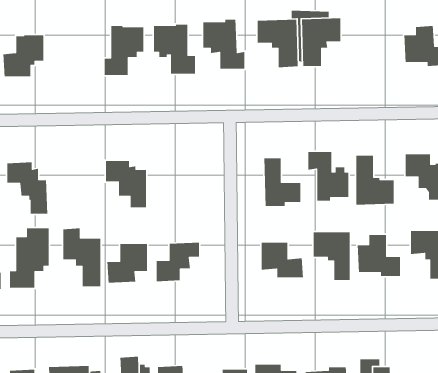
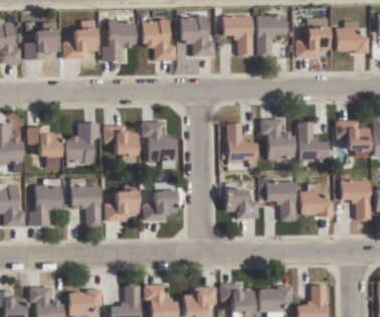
building: none -> [63,20,99,58]
building: none -> [296,26,329,57]
building: none -> [142,122,175,164]
building: none -> [66,123,99,165]

